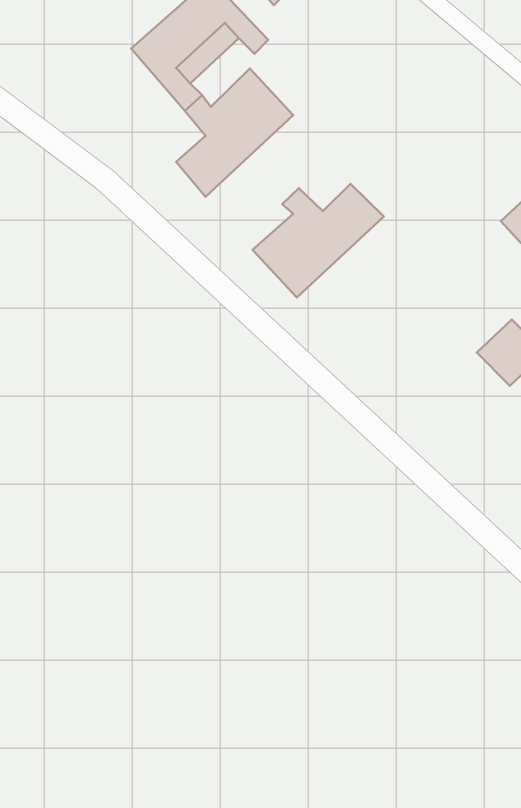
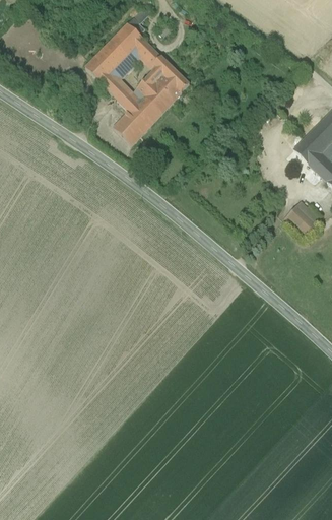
building: none -> [151,56,189,96]
building: [252,184,384,297] -> none

